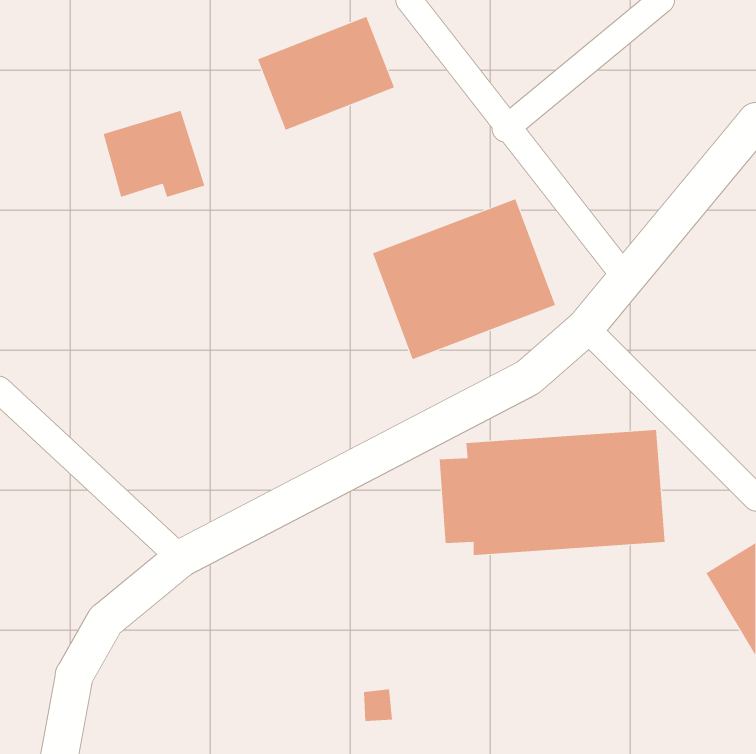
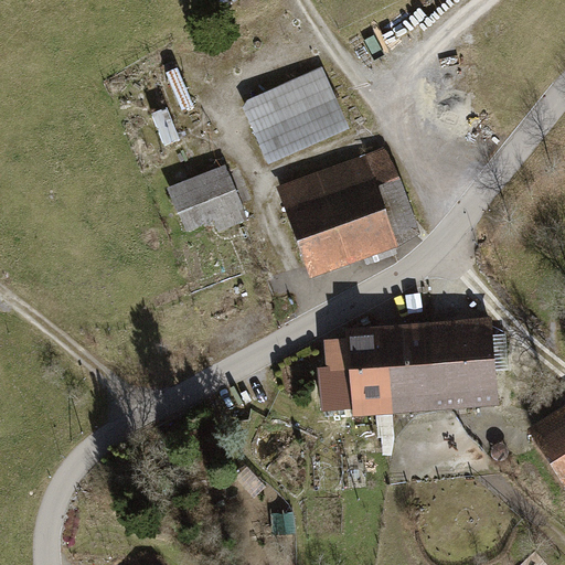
building: [257,16,395,130] -> [243,72,345,157]
building: [103,110,205,198] -> [171,163,247,228]

